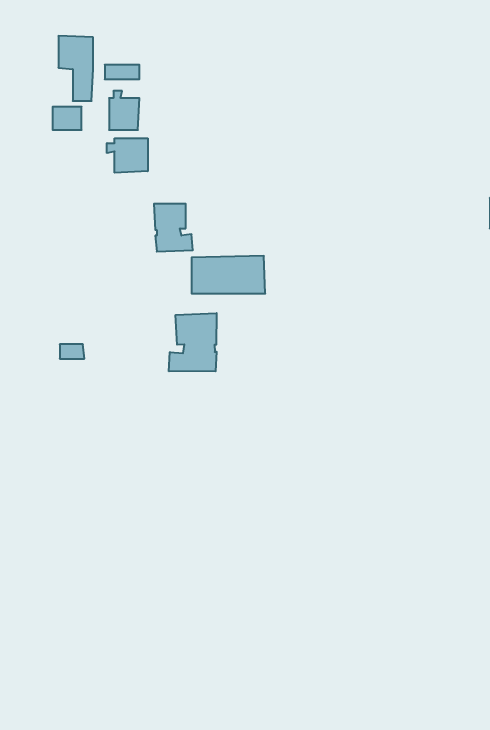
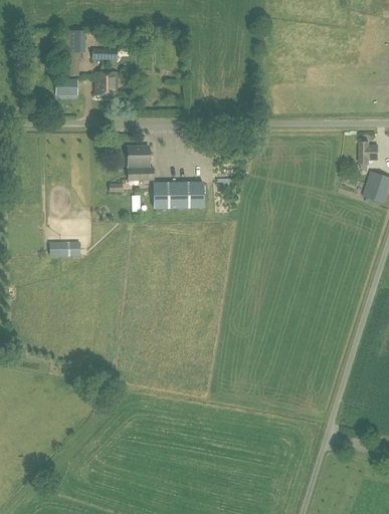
building: [107,138,148,173] -> none
building: [169,313,217,371] -> none

